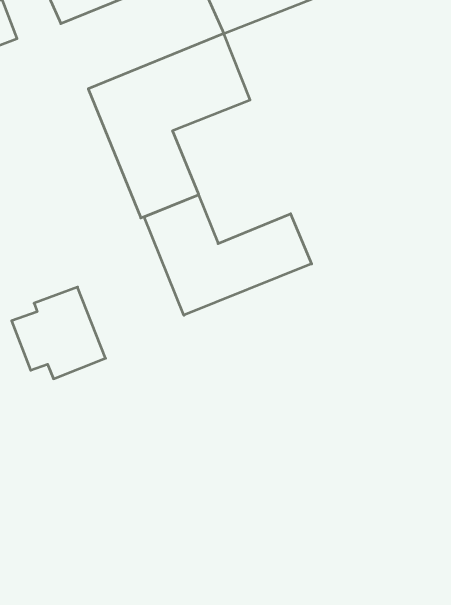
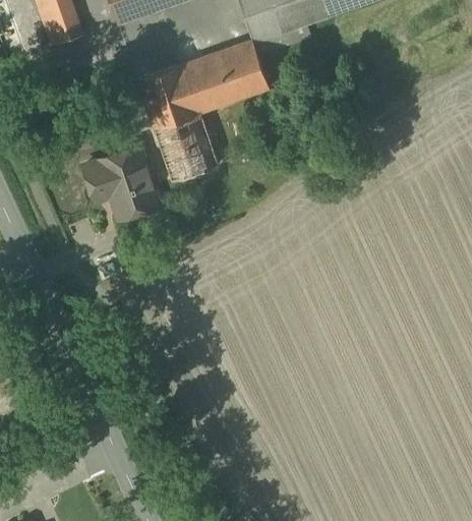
building: [144,195,312,315] -> none
building: [12,287,106,379] -> [82,143,158,218]

